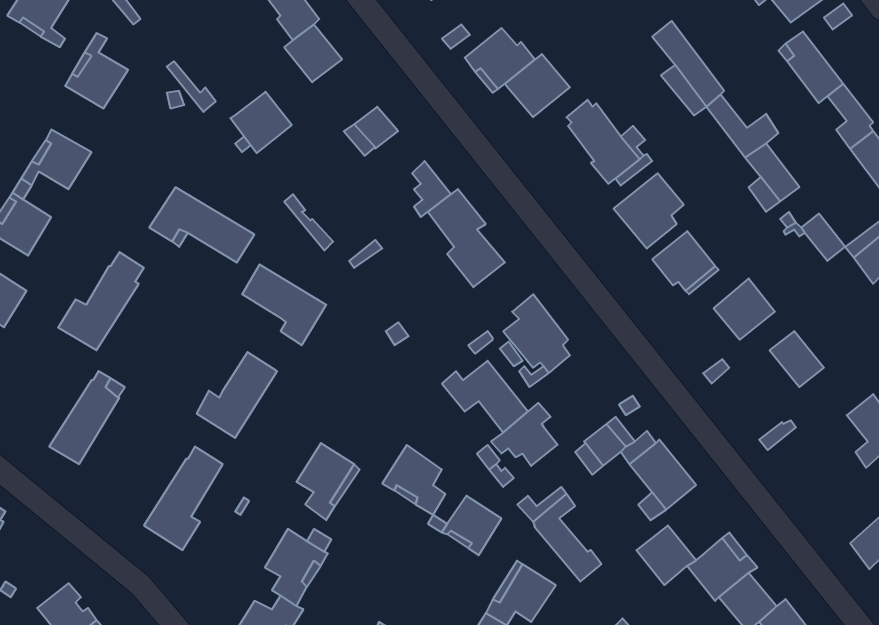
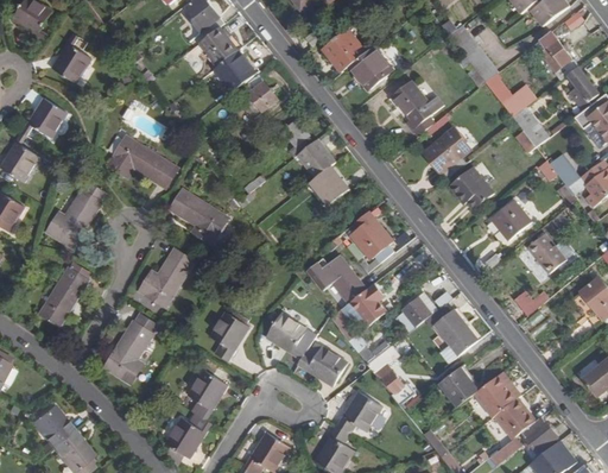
building: [230,92,292,153] -> [215,50,256,92]

